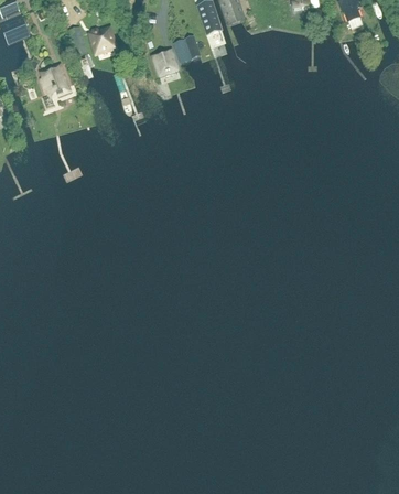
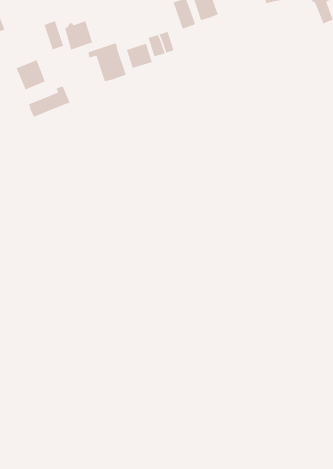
building: none -> [88,42,127,82]
building: none -> [28,85,71,118]

